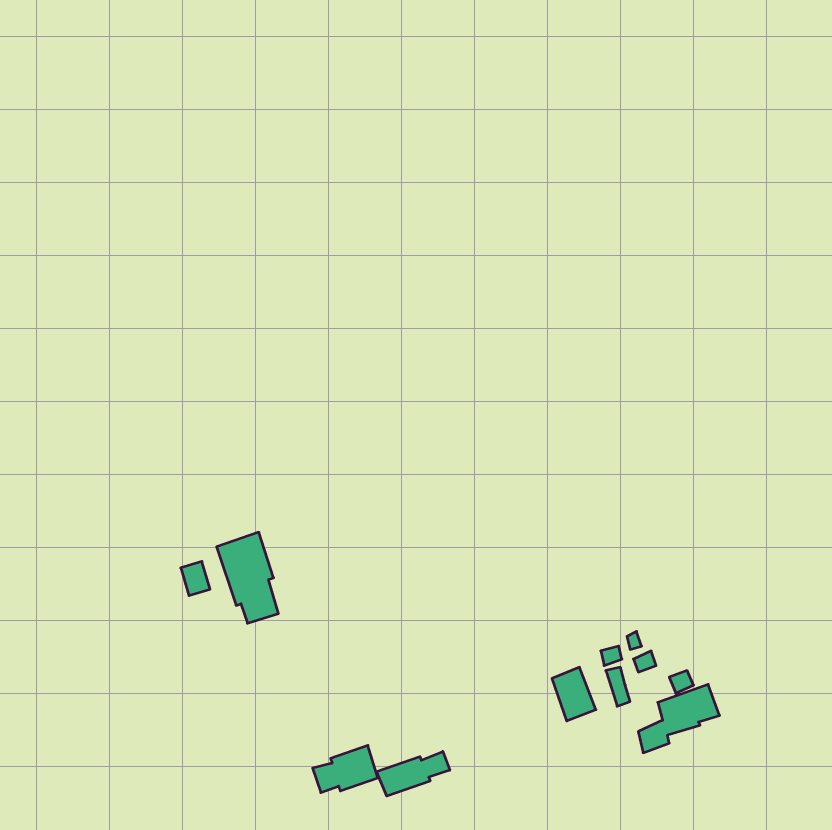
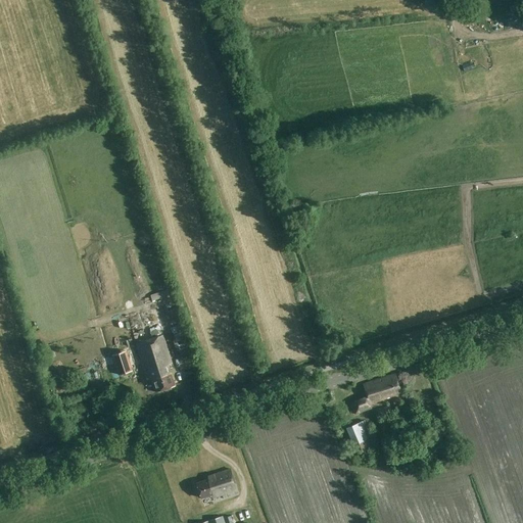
building: [638,684,720,753] -> [351,373,402,416]
building: [376,751,450,796] -> none

